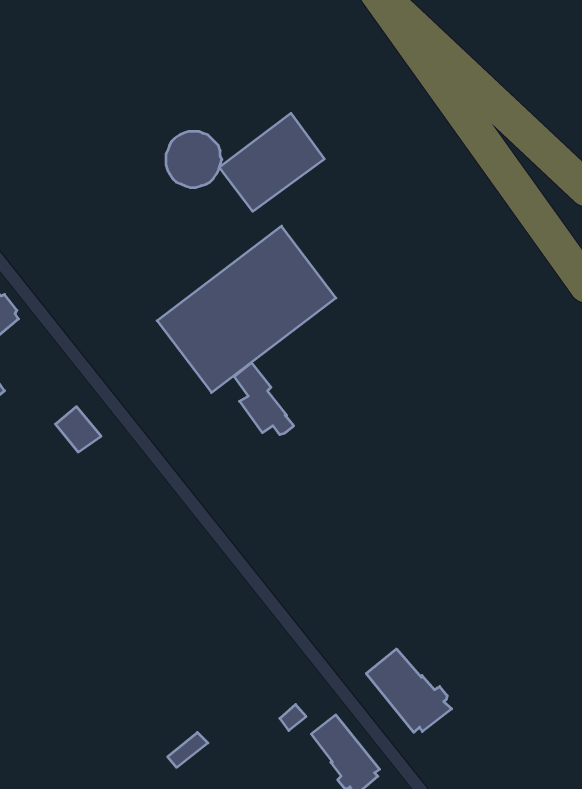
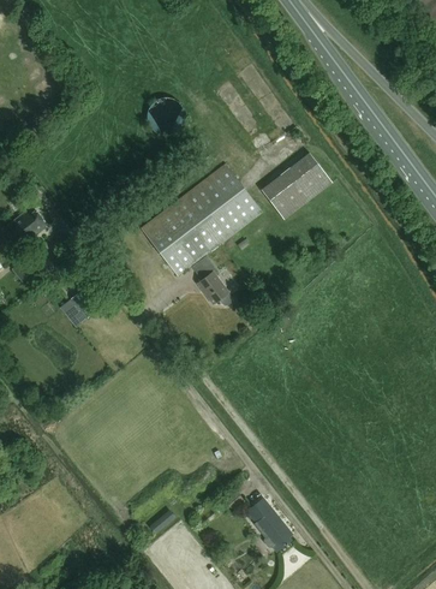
building: [219,113,324,211] -> [261,151,333,219]
building: [366,649,452,732] -> none

